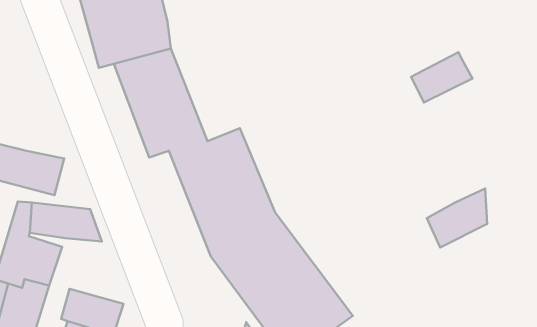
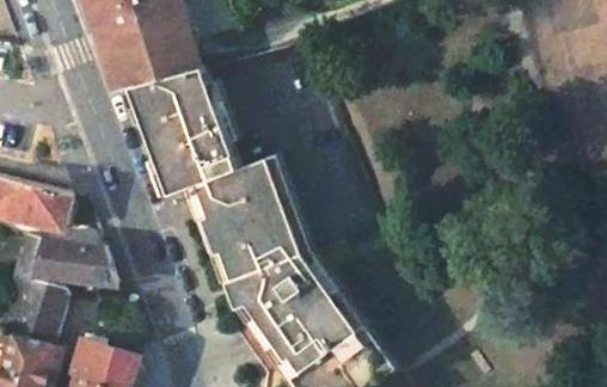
building: [411,52,472,103] -> none
building: [427,188,487,247] -> none

